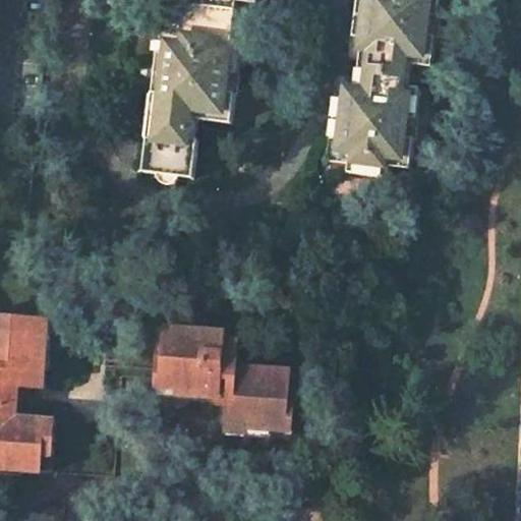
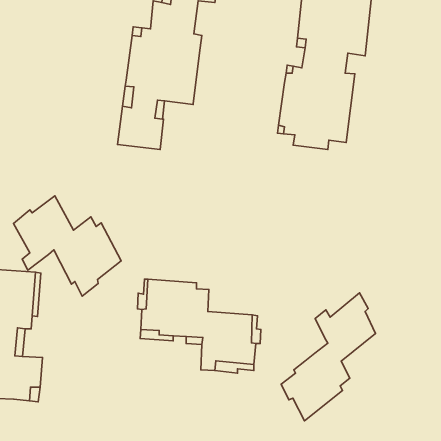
building: none -> [13,196,121,296]
building: none -> [281,293,376,421]

